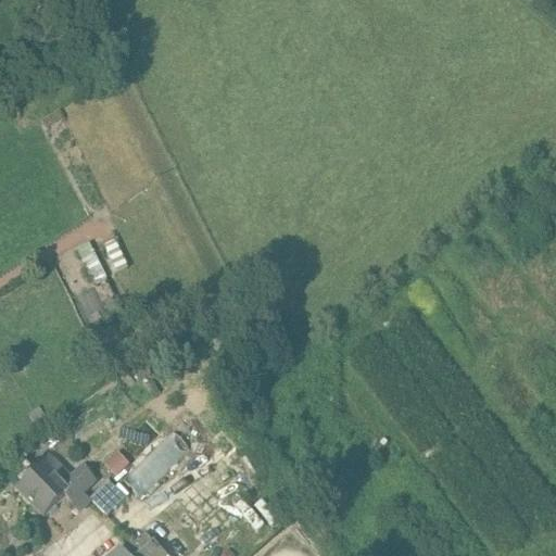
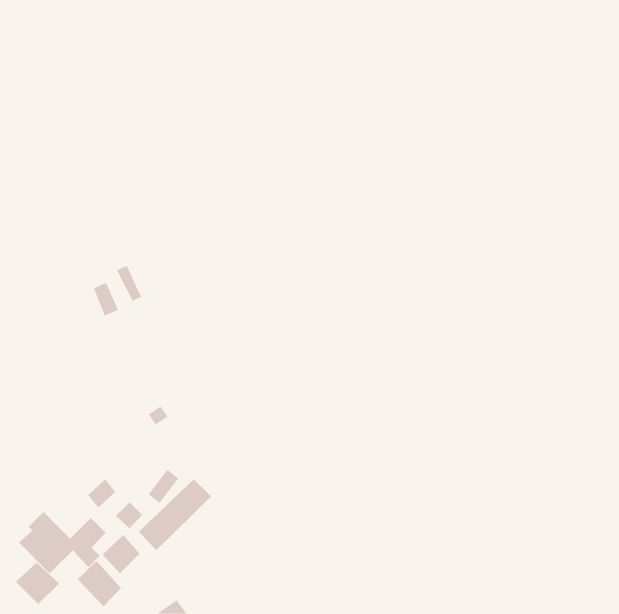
building: none -> [77,560,122,607]
building: none -> [15,562,60,605]

